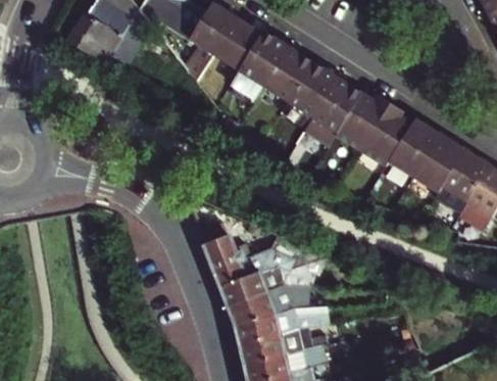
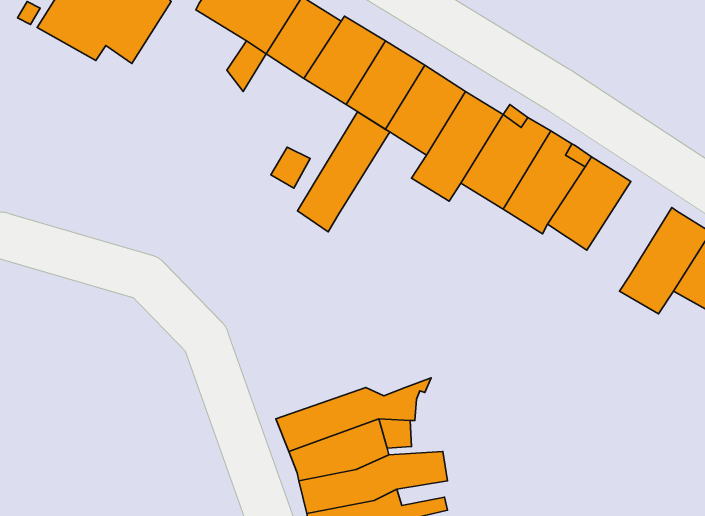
building: none -> [297,112,390,232]
building: [413,134,466,193] -> none
building: [205,233,322,282] -> none

